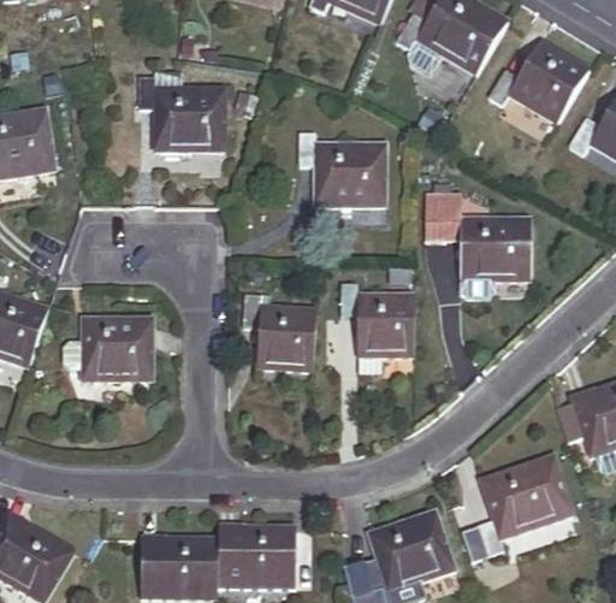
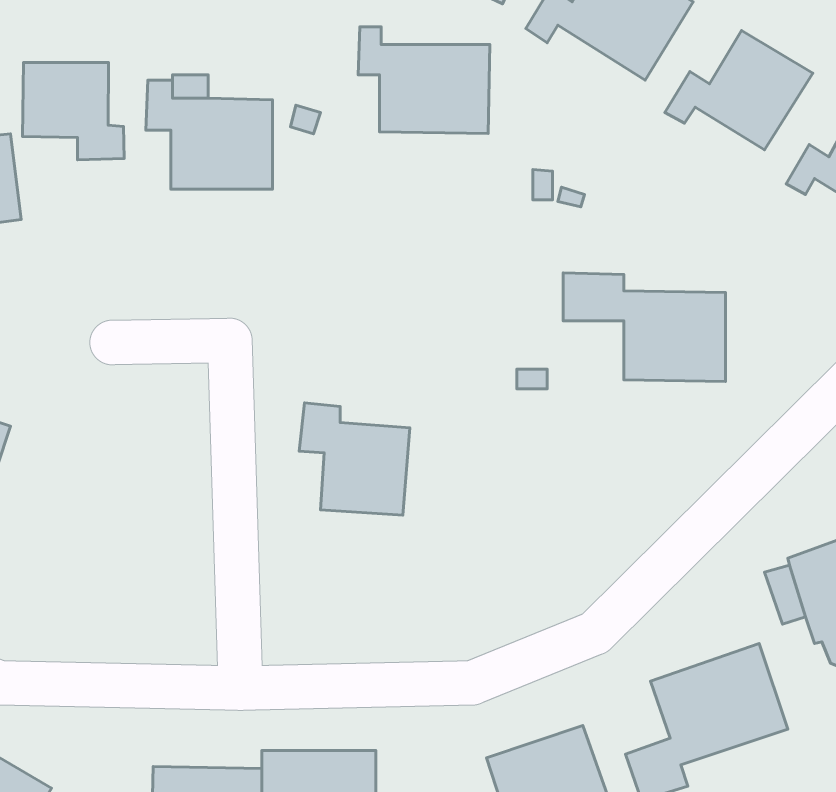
building: none -> [22,63,124,160]
building: [298,132,387,205] -> [358,27,490,134]
building: [340,284,415,373] -> none
building: [65,319,150,380] -> none

